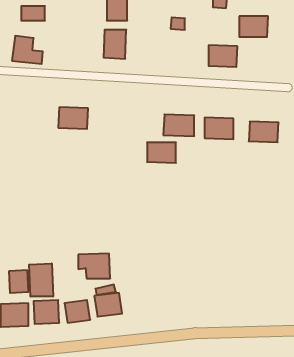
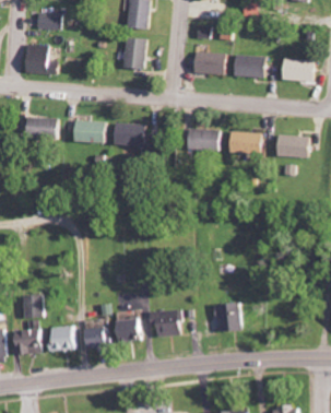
building: [239,16,268,37] -> [282,59,312,81]
building: none -> [194,51,225,74]
building: none -> [27,117,59,138]
building: [147,142,176,163] -> [114,123,144,145]
building: [78,254,110,278] -> [146,308,180,334]
building: [29,263,53,297] -> none
building: none -> [213,302,241,330]

